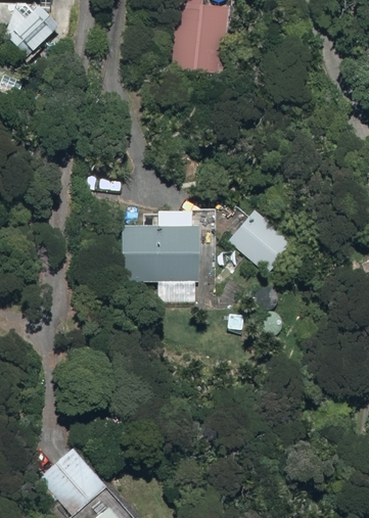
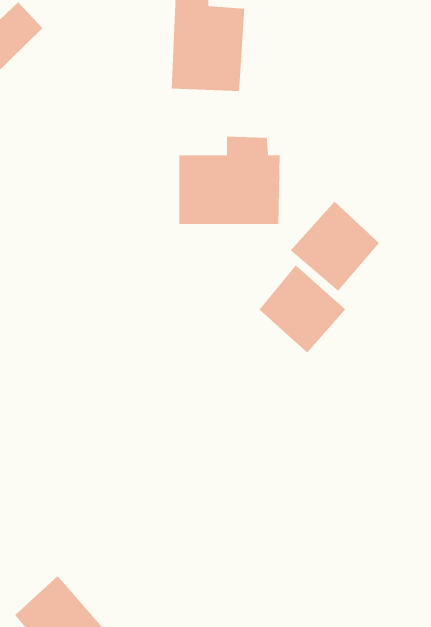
building: none -> [290,201,380,292]
building: [132,209,211,278] -> [178,136,281,225]

